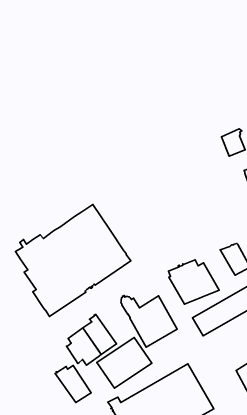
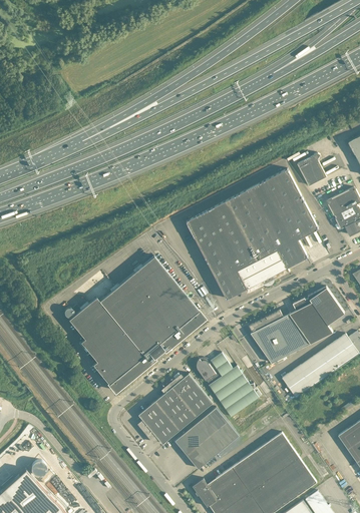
building: none -> [186,169,318,300]
building: none -> [289,298,332,344]
building: [55,365,91,403] -> [168,374,213,417]

